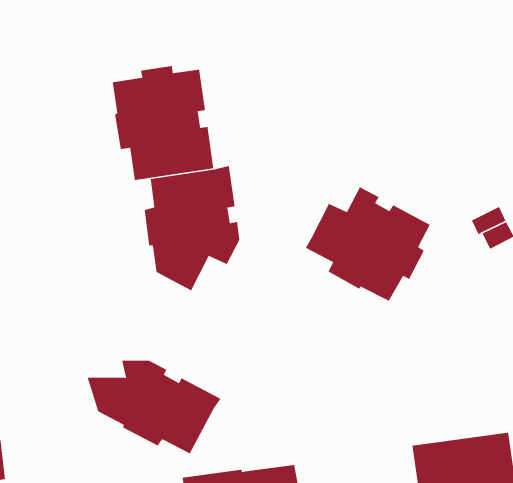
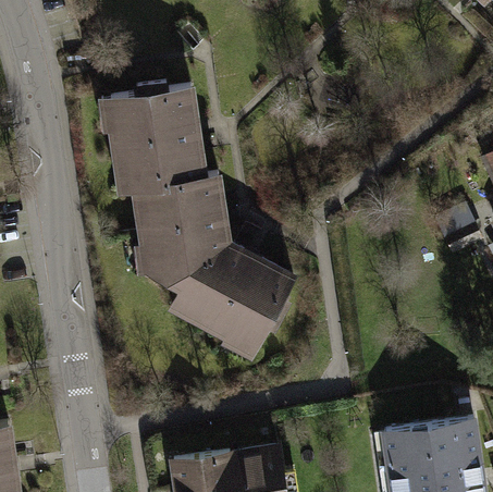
building: [305,186,431,302] -> [177,243,293,348]
building: [87,360,222,454] -> none

